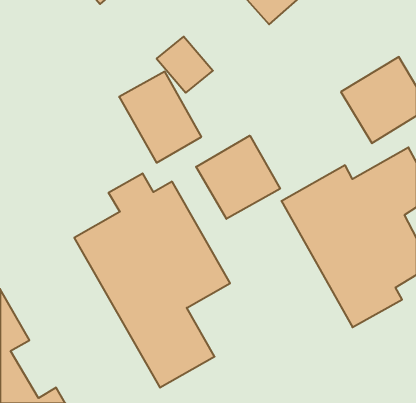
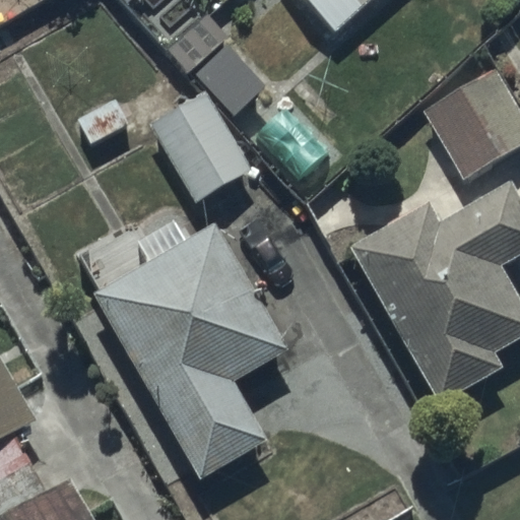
building: [196,136,280,219] -> none

